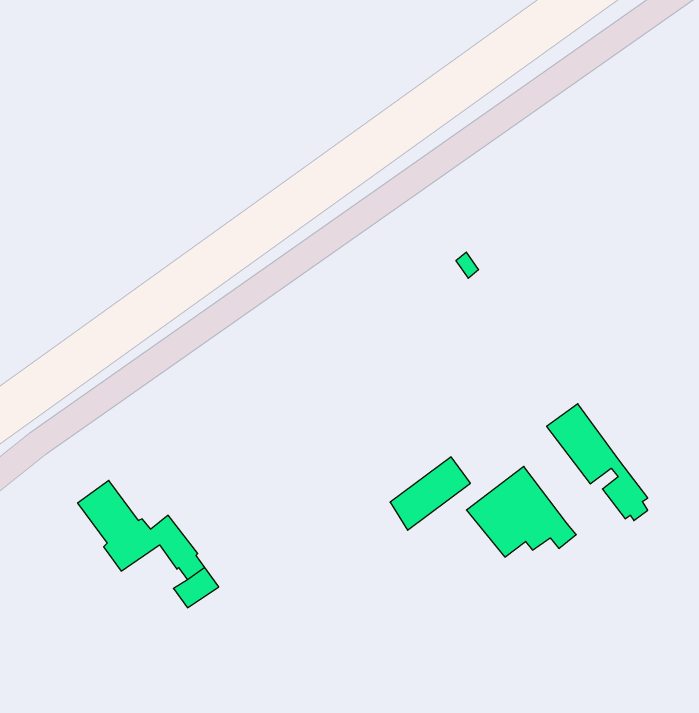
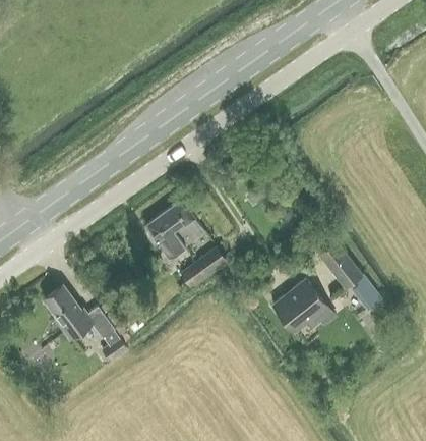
building: none -> [146,200,203,259]
building: [390,457,470,530] -> [180,249,227,291]

